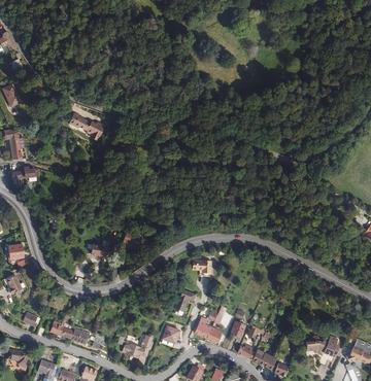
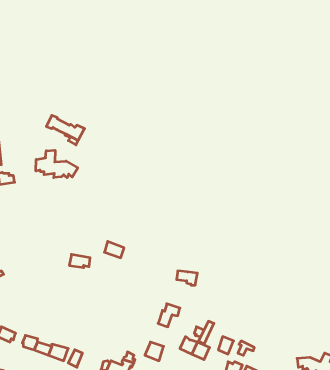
building: none -> [36,150,78,178]

